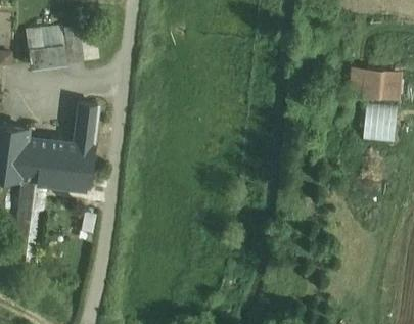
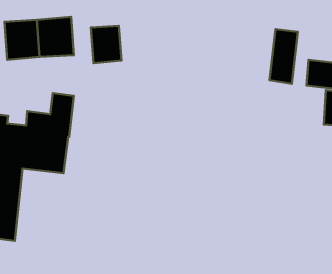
building: none -> [91,26,121,63]
building: none -> [270,29,298,84]

